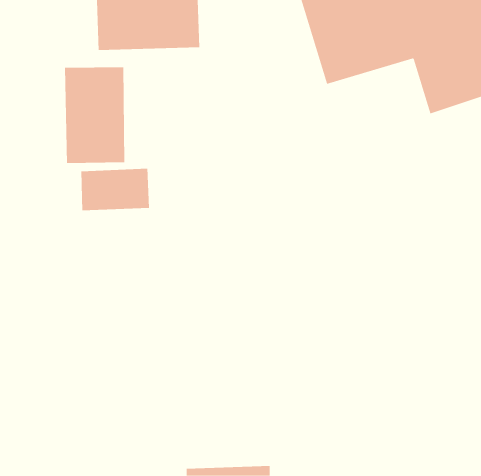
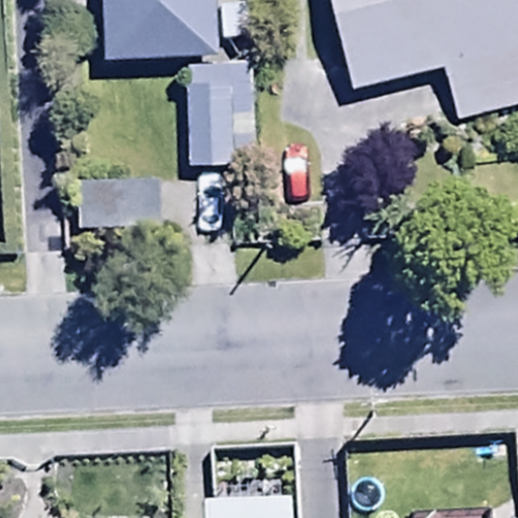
building: [64,67,125,164] -> [185,62,250,165]

